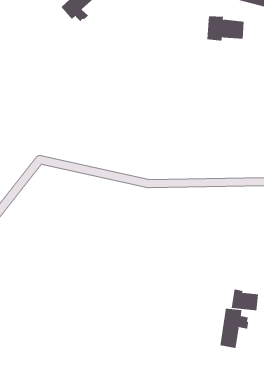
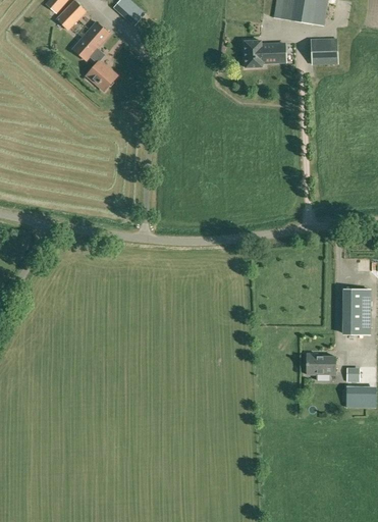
building: none -> [85,59,117,91]
building: [220,308,249,349] -> none

